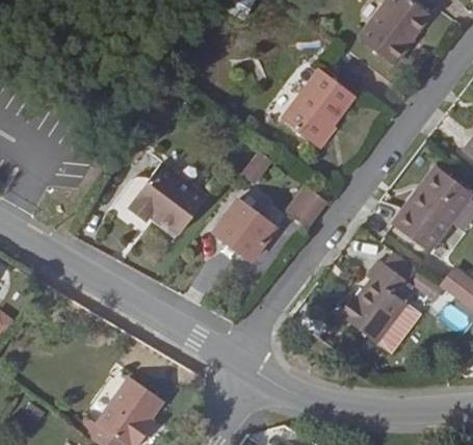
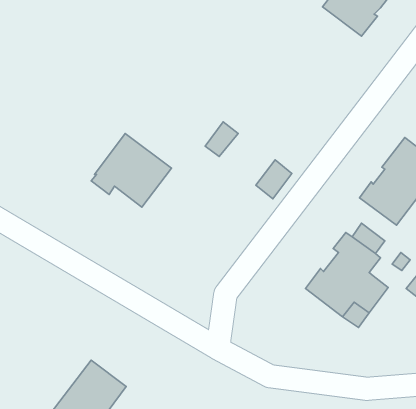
building: [280,67,357,148] -> none
building: [213,198,277,260] -> none

